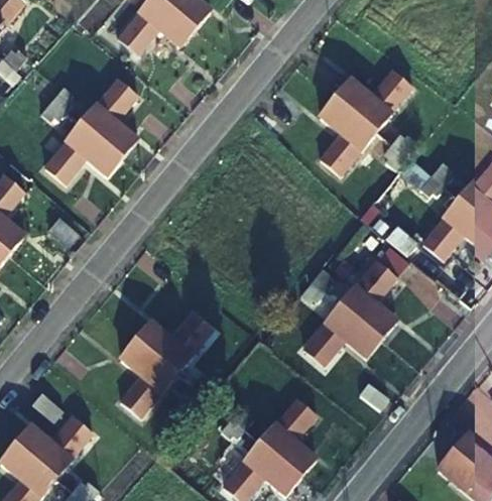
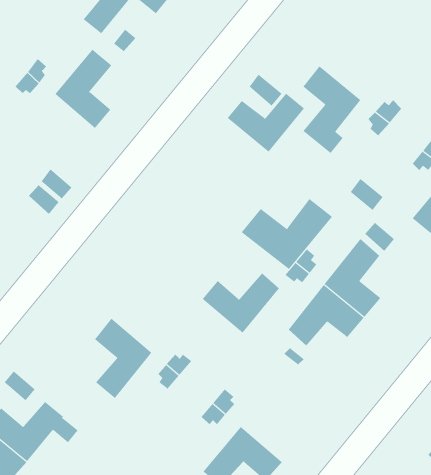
building: [336,72,410,129] -> [227,93,305,153]
building: [36,123,121,194] -> none
building: none -> [241,198,333,270]
building: [136,312,211,371] -> [202,273,280,334]
building: [260,398,316,476] -> none

